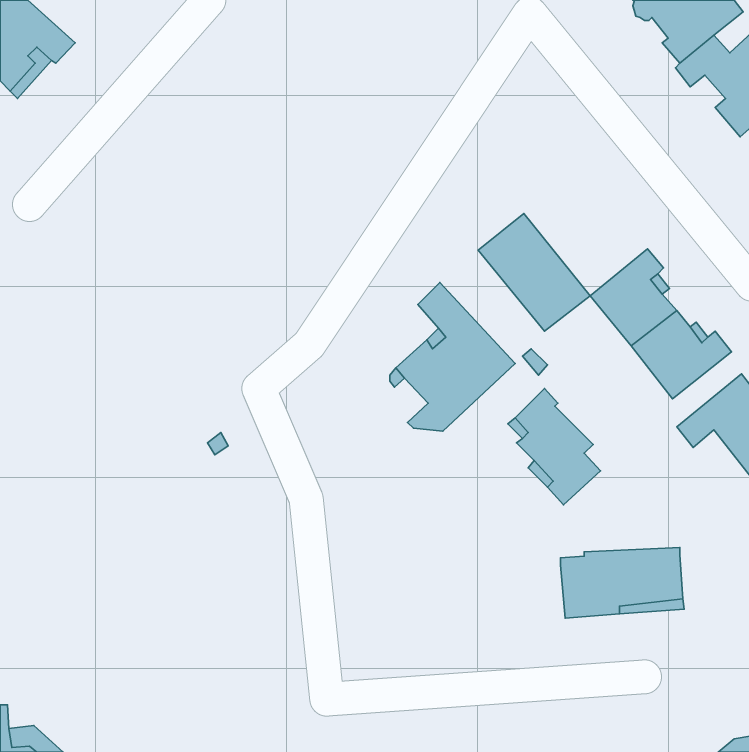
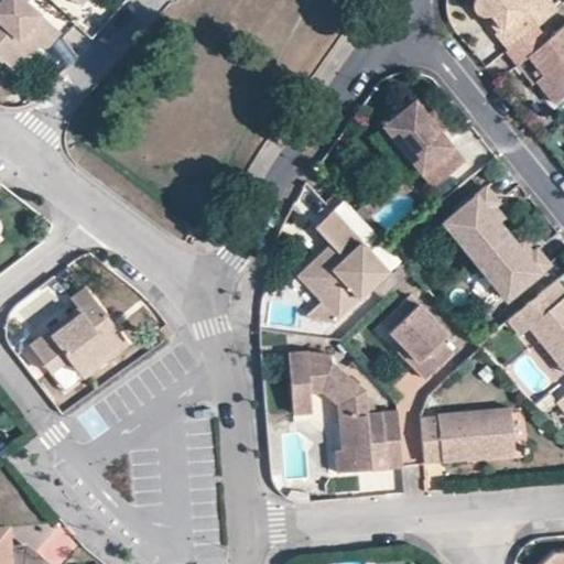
building: [478,213,590,331] -> [382,99,466,187]
building: none -> [29,285,127,377]
building: none -> [290,349,403,471]

